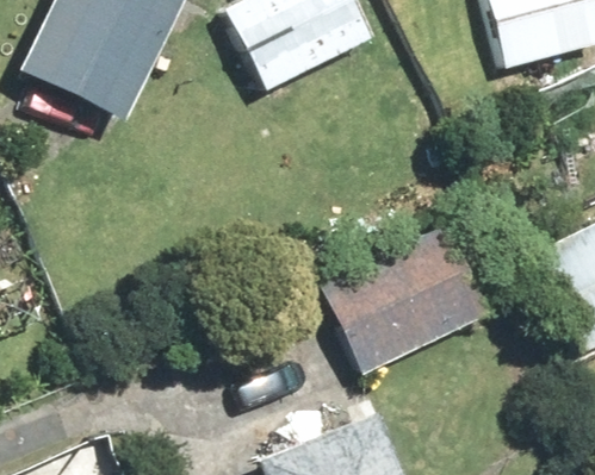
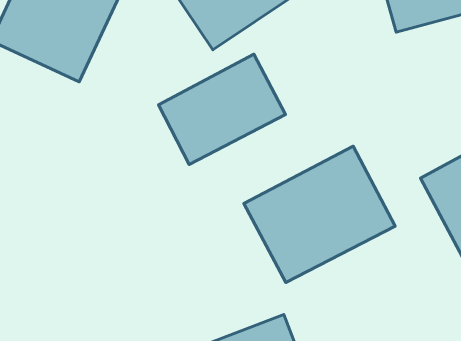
building: none -> [158,54,285,165]

